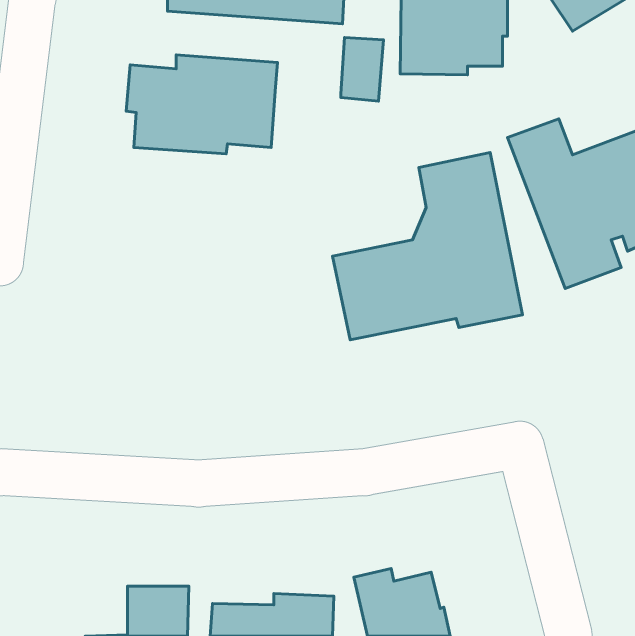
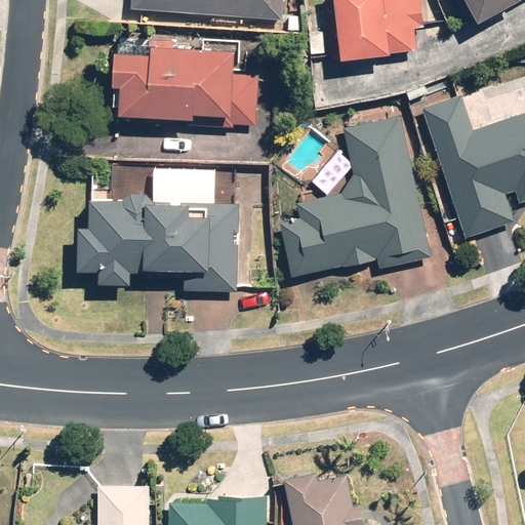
building: [341,37,383,101] -> [226,75,260,127]
building: none -> [73,166,239,293]

